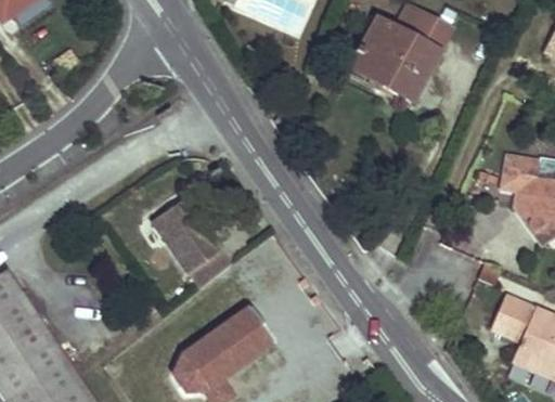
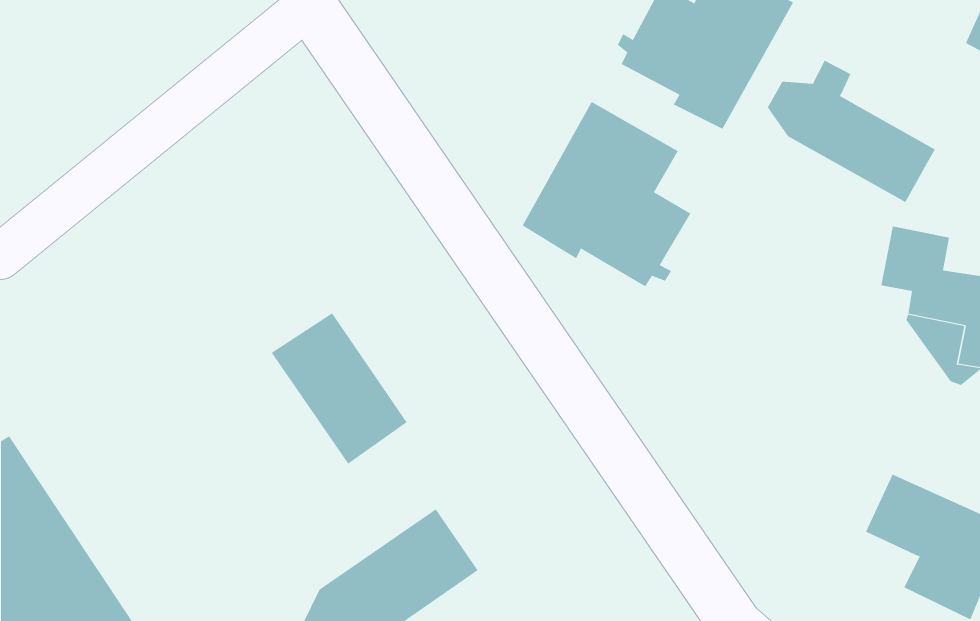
building: none -> [767,60,935,203]
building: none -> [522,101,691,287]

